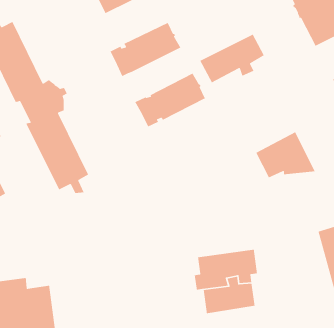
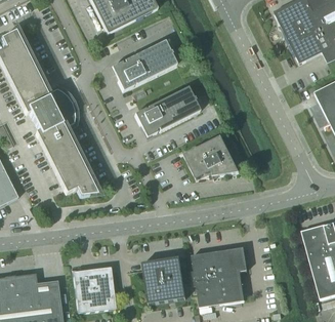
building: [199,33,265,84] -> none
building: [255,131,316,178] -> [183,135,239,178]
building: none -> [142,256,191,304]
building: none -> [73,267,115,312]

